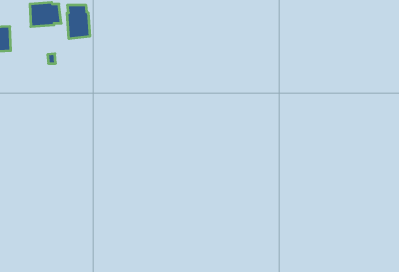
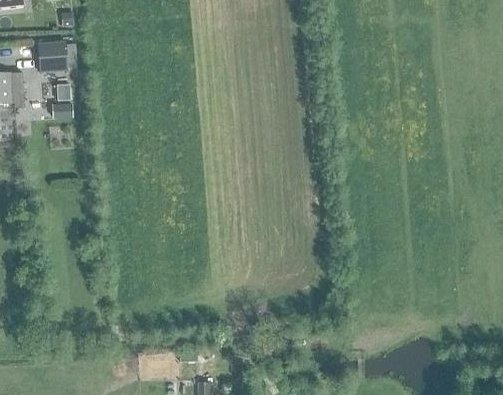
building: [67,5,90,39] -> none

